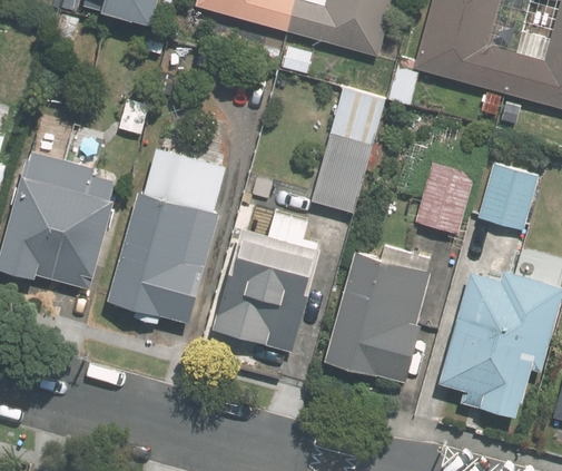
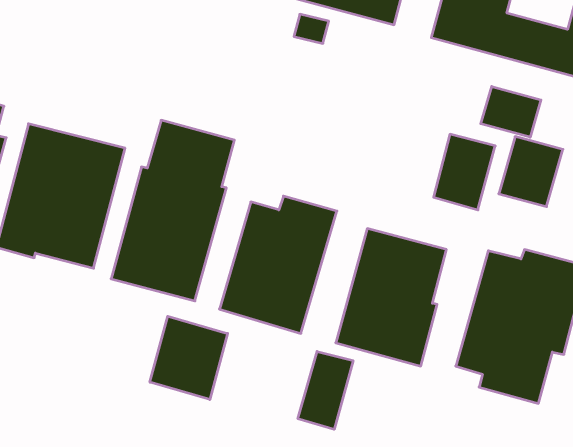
building: [312,87,386,214] -> none
building: none -> [481,86,541,137]
building: none -> [150,316,228,400]
building: none -> [298,351,353,429]

